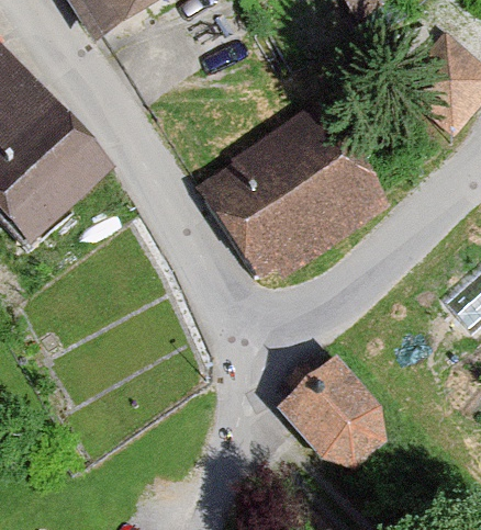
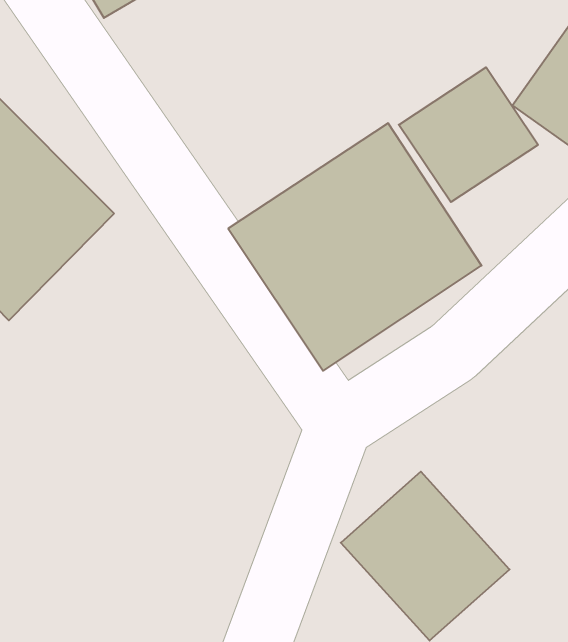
building: none -> [399,67,538,202]

